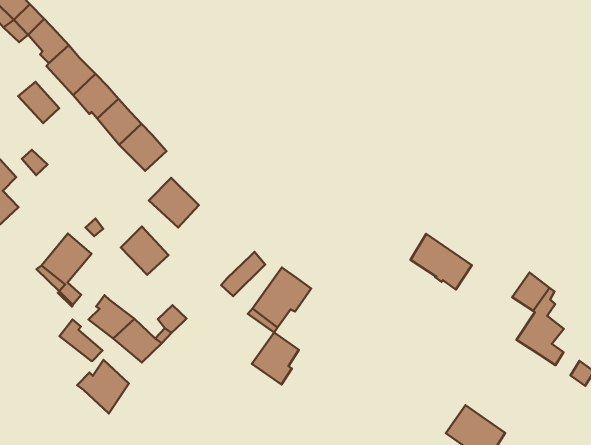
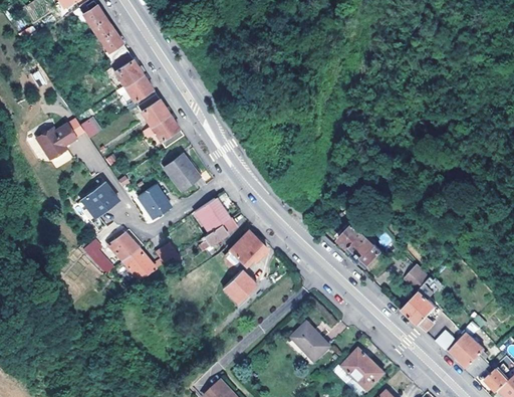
building: [18,82,59,123] -> none
building: none -> [194,197,228,231]
building: [77,360,129,413] -> none
building: none -> [291,323,329,361]

